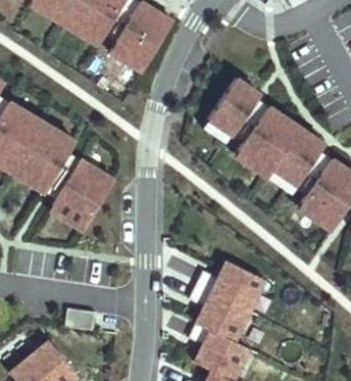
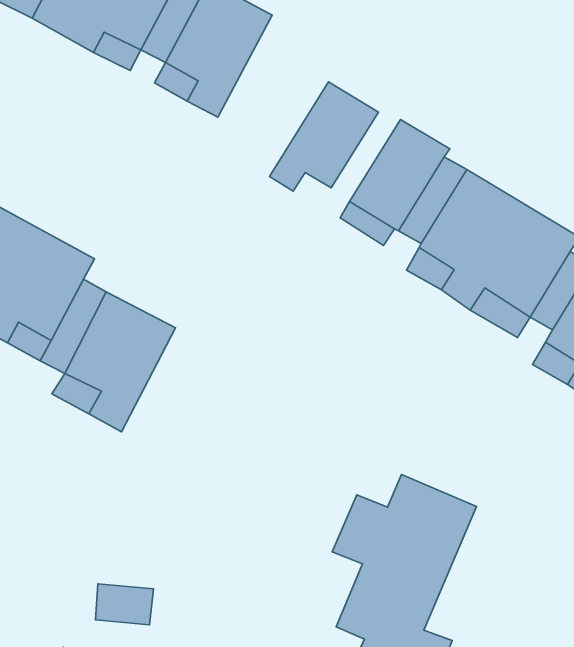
building: none -> [270,82,378,191]

